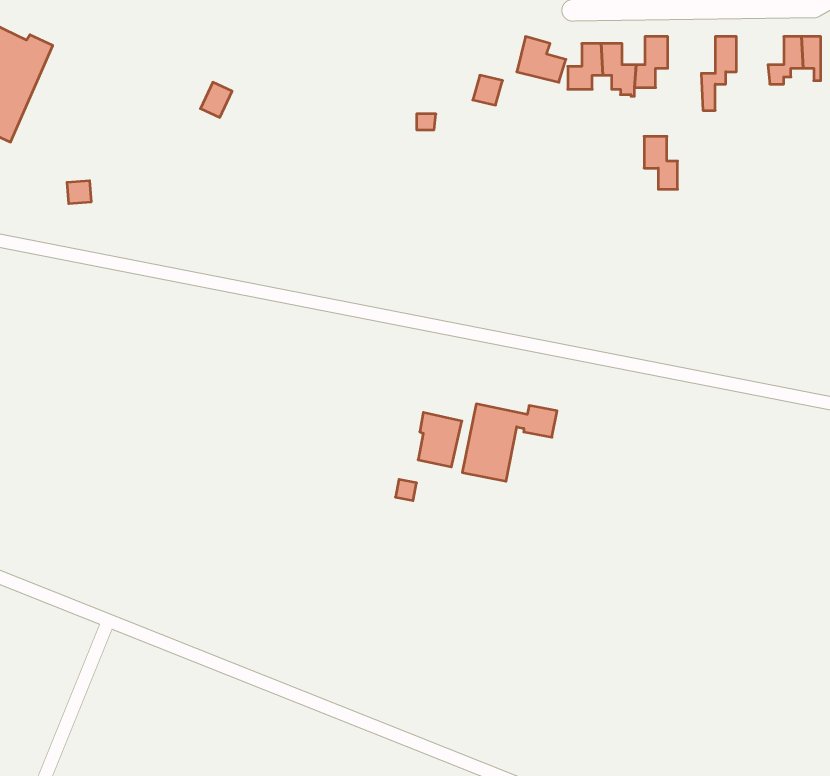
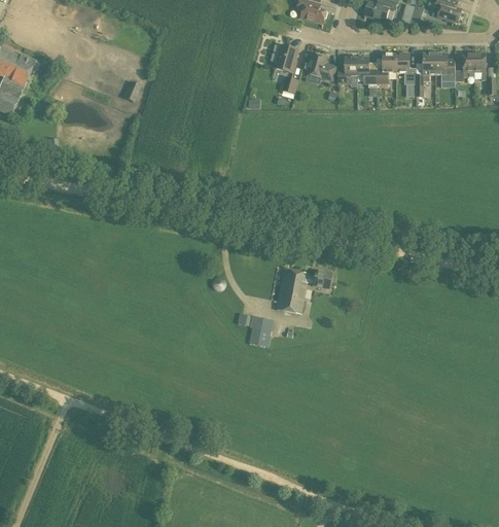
building: none -> [271,44,297,72]
building: none -> [435,52,455,80]
building: [644,136,678,189] -> [395,52,415,83]
building: [418,412,462,467] -> [247,314,273,346]

